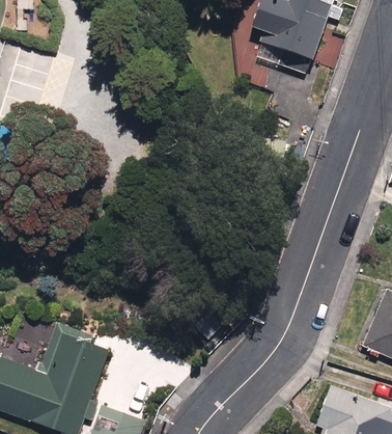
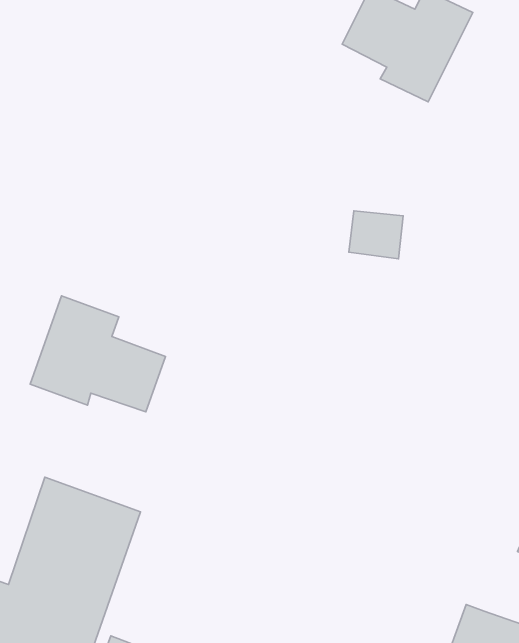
building: none -> [30,296,165,412]

